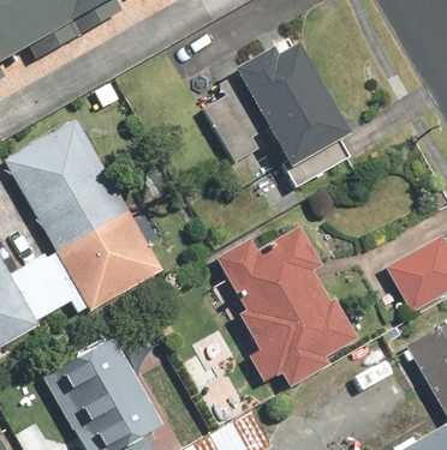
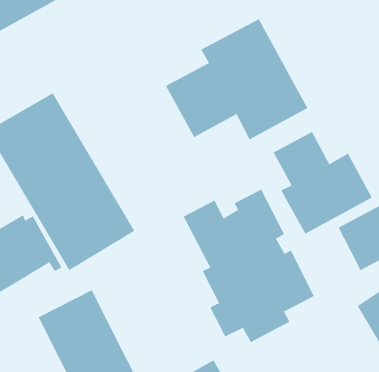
building: none -> [273,131,373,234]

